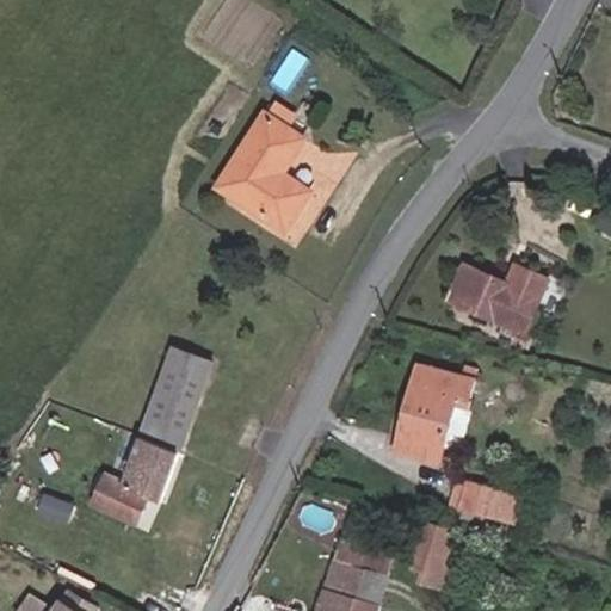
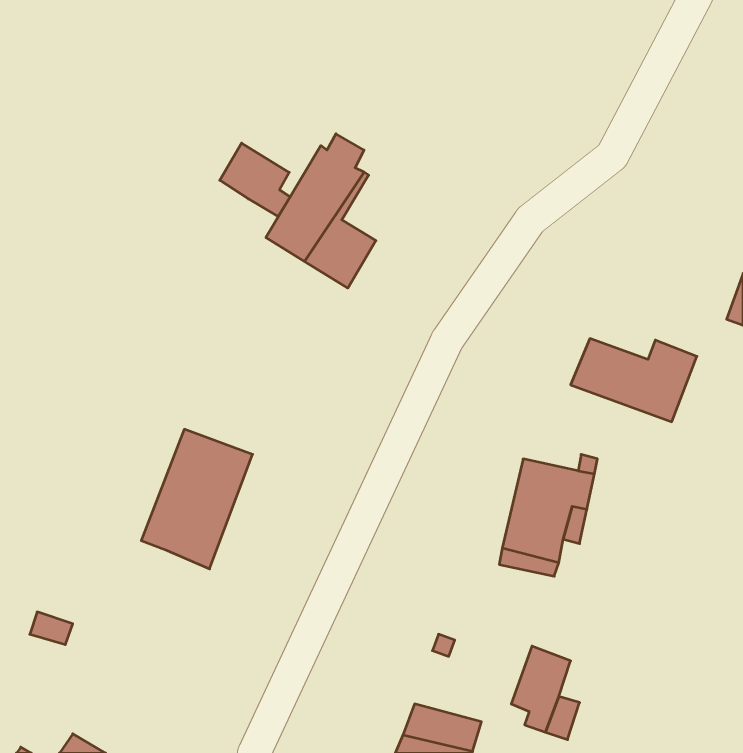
building: none -> [220,143,290,217]
building: [82,442,168,527] -> none
building: [468,485,527,521] -> none
building: [333,541,394,580] -> none

